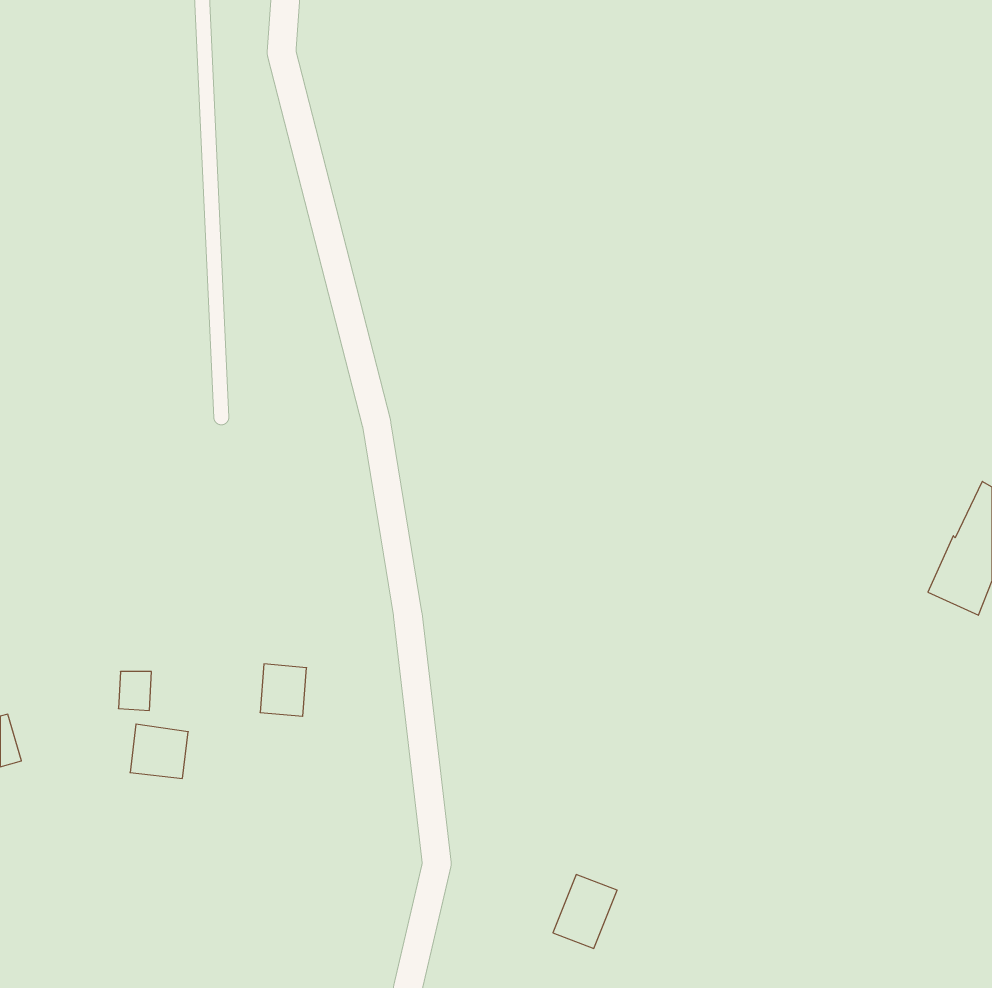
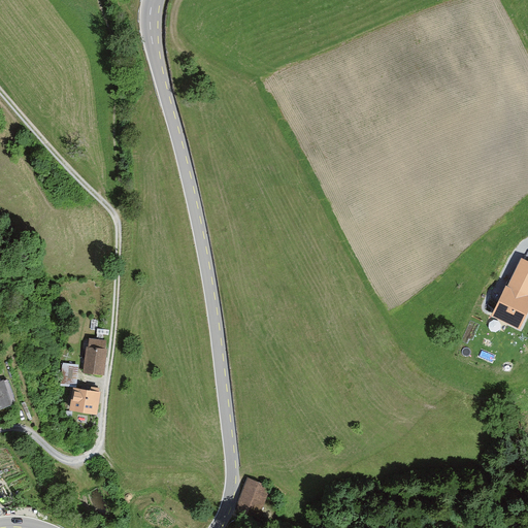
building: [260,664,307,716] -> [84,345,108,373]
building: [553,875,617,948] -> [236,477,270,517]

